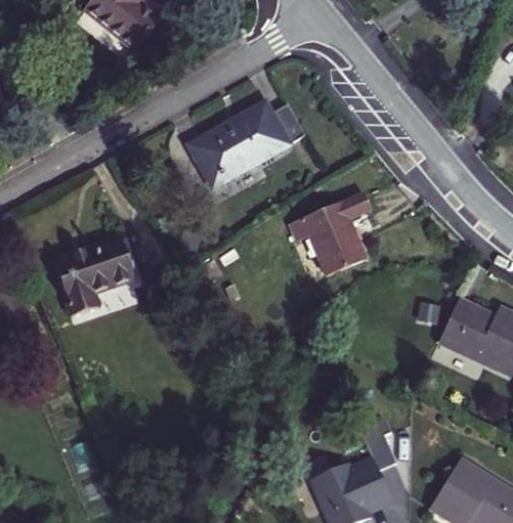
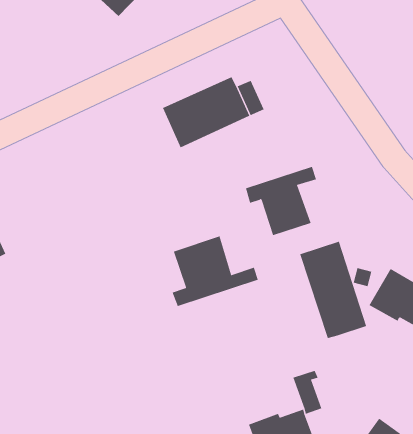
building: [52,239,133,313] -> none
building: none -> [300,241,367,339]
building: none -> [172,235,259,307]

